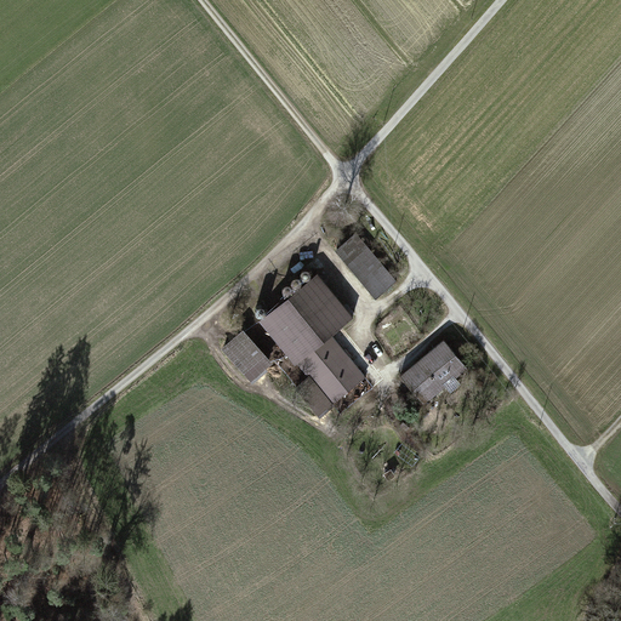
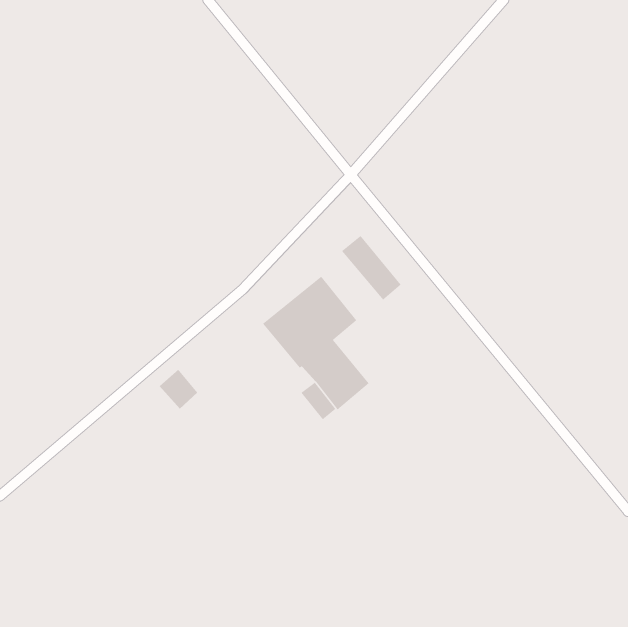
building: [222,335,261,375] -> [159,369,198,410]
building: [403,341,465,403] -> none

